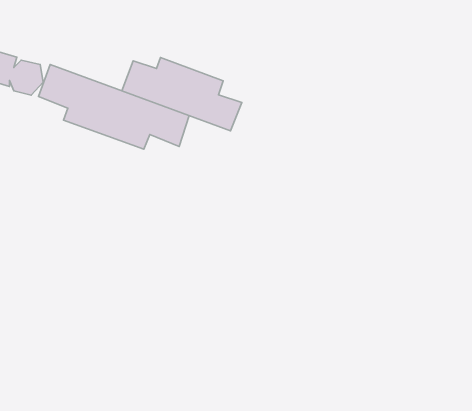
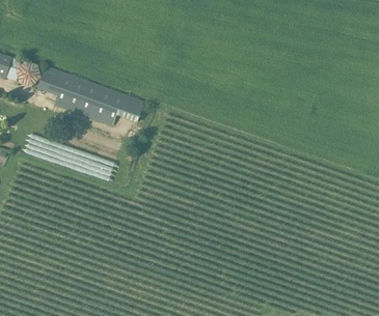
building: [122,57,242,131] -> none

